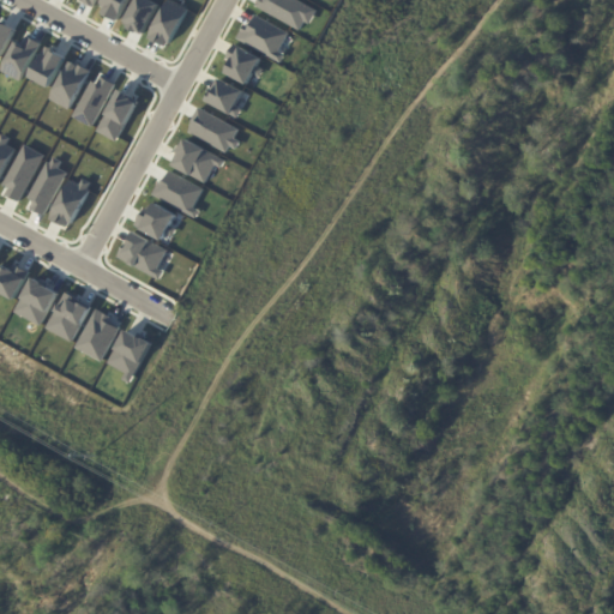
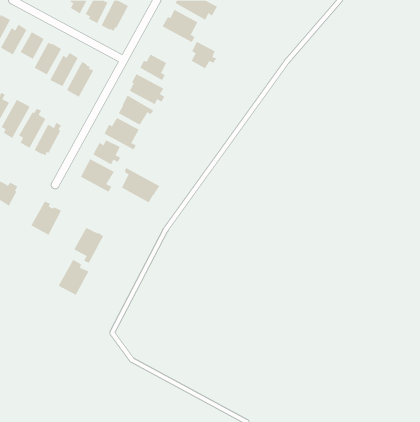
building: [224,43,263,84] -> [191,41,217,69]
building: none -> [121,167,160,203]
building: [13,277,58,325] -> none
building: [74,308,120,361] -> [58,259,89,296]

